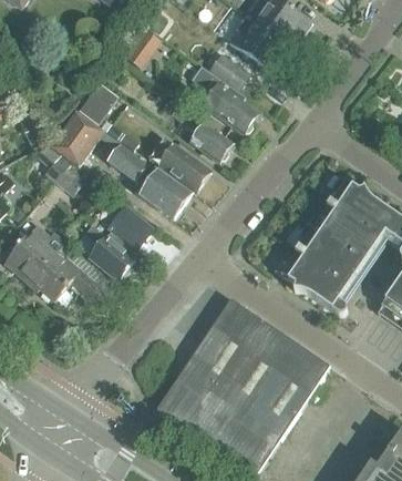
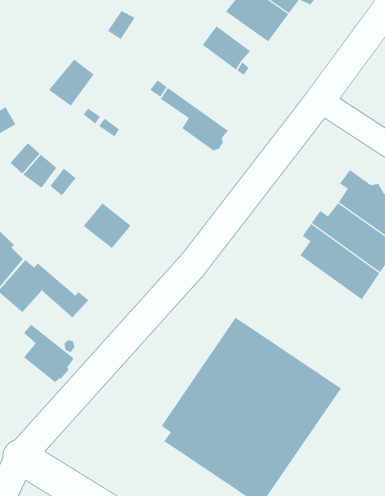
building: [190,64,258,131] -> none
building: [51,109,104,164] -> none
building: [148,135,210,188] -> none
building: [109,143,189,216] -> none
building: [89,227,133,278] -> [23,324,74,383]
building: [271,249,348,309] -> none

